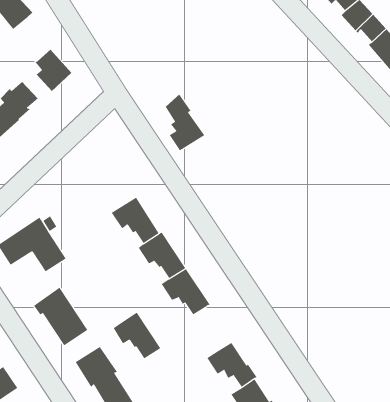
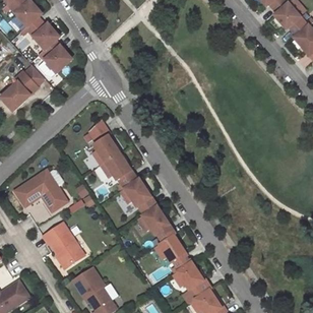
building: none -> [24,17,58,50]
building: [165,93,205,151] -> [88,121,119,165]
building: [113,312,161,359] -> [154,235,191,270]

